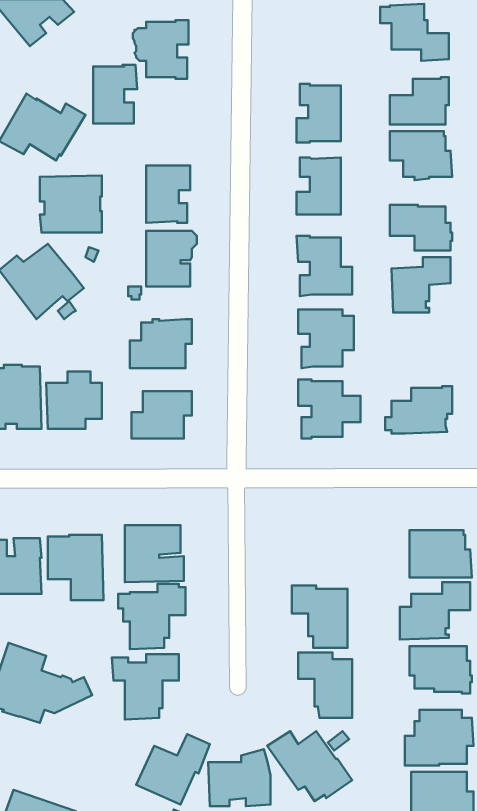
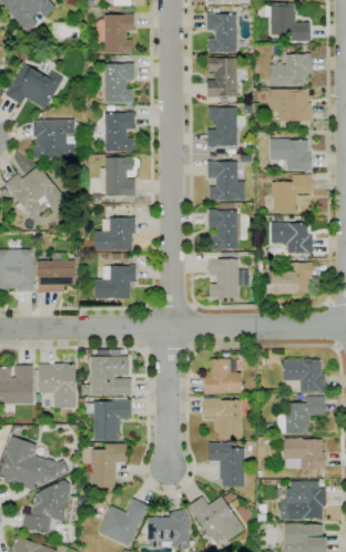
building: none -> [207,13,237,53]
building: [93,65,137,124] -> [105,63,135,103]
building: none -> [272,223,313,255]
building: none -> [205,352,242,395]
building: none -> [22,480,70,535]

